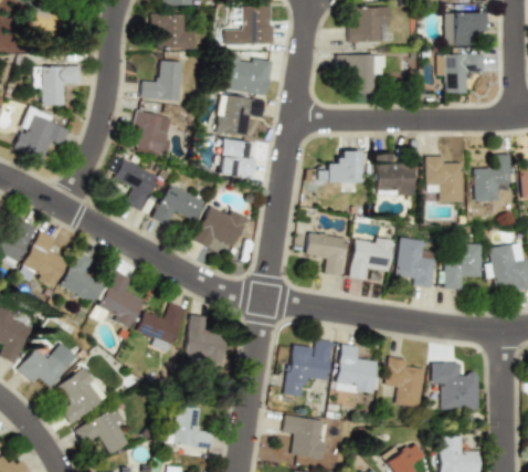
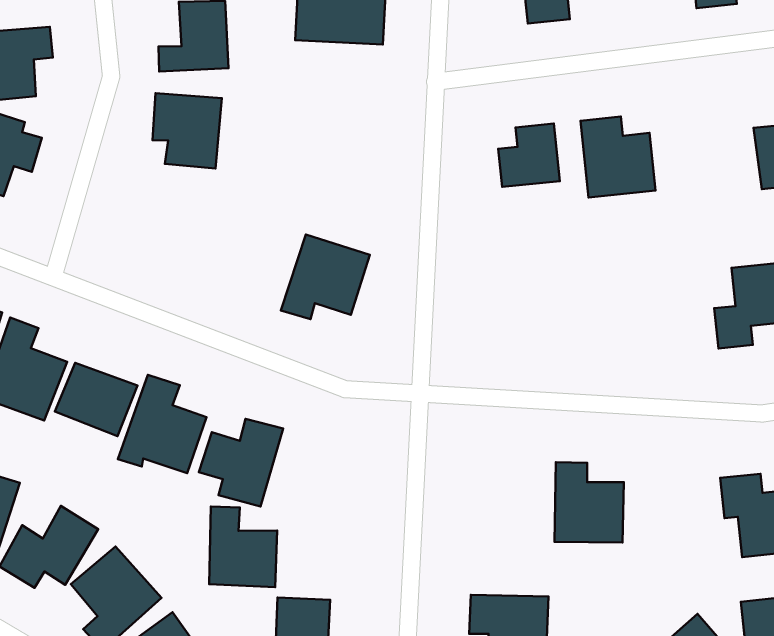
building: [217,95,265,137] -> none
building: [219,139,258,180] -> none
building: [106,157,157,211] -> none
building: [426,157,464,201] -> none
building: [154,183,204,224] -> none
building: [306,232,348,276] -> none
building: [349,234,394,280] -> none
building: [397,238,437,289] -> none
building: [184,314,226,364] -> [209,507,277,587]
building: [284,339,334,398] -> none
building: [386,358,422,407] -> none

